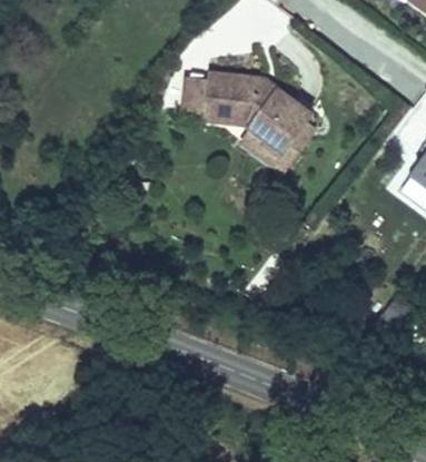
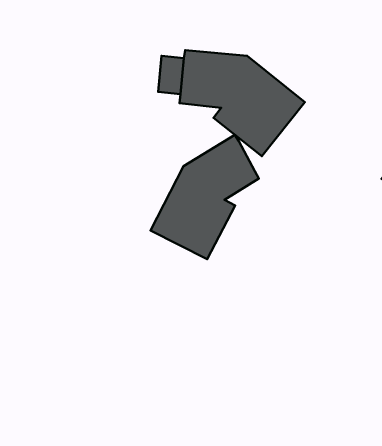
building: none -> [150,135,259,259]

